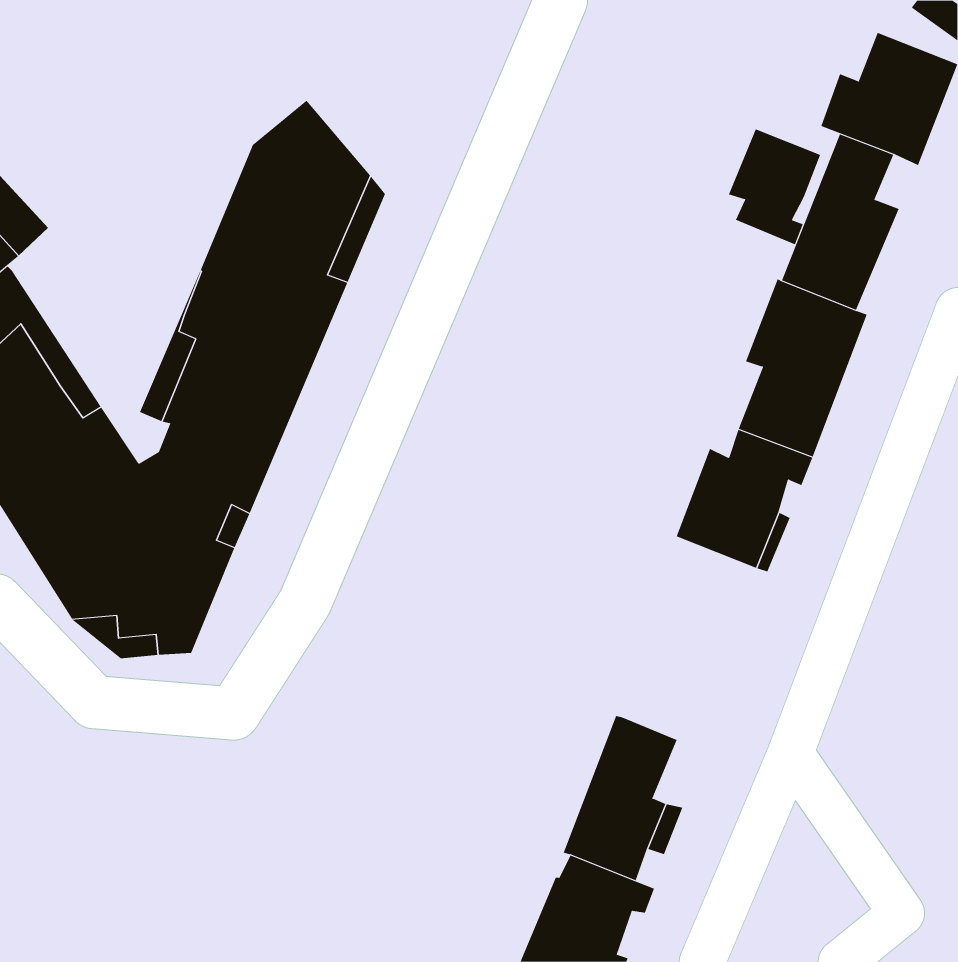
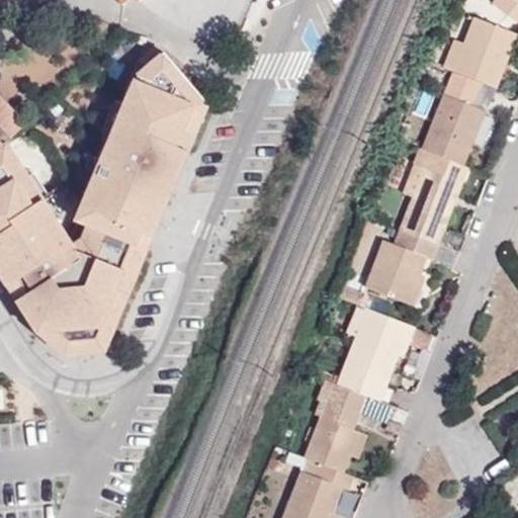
building: [728,129,821,245] -> none
building: none -> [335,310,413,403]

